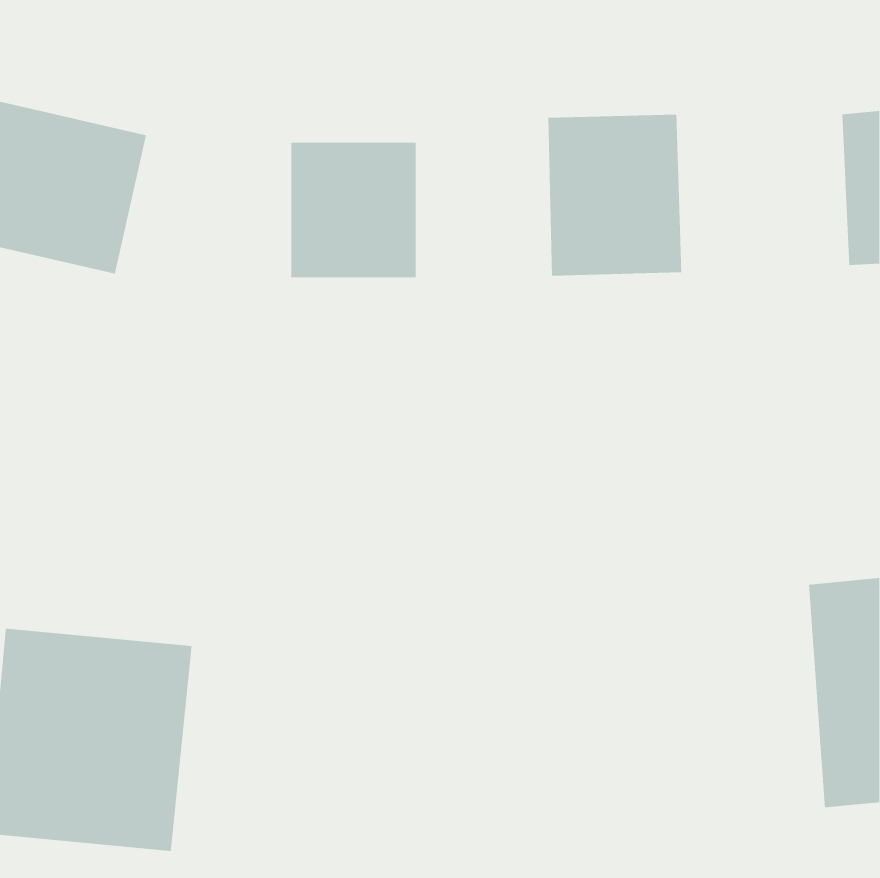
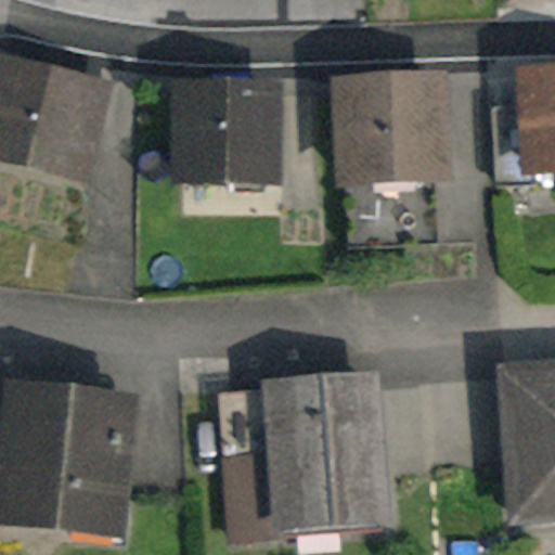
building: none -> [230,385,386,535]

